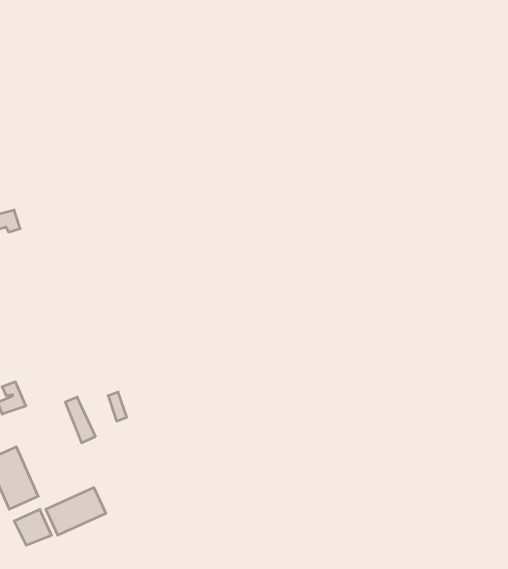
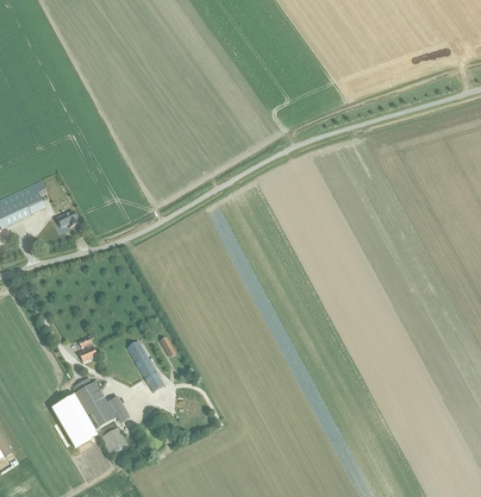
building: [46,488,106,535] -> none

